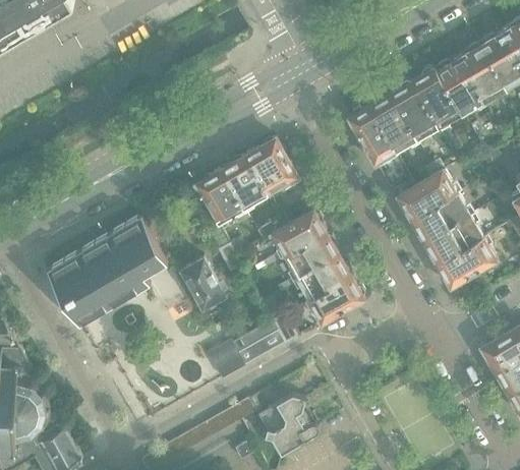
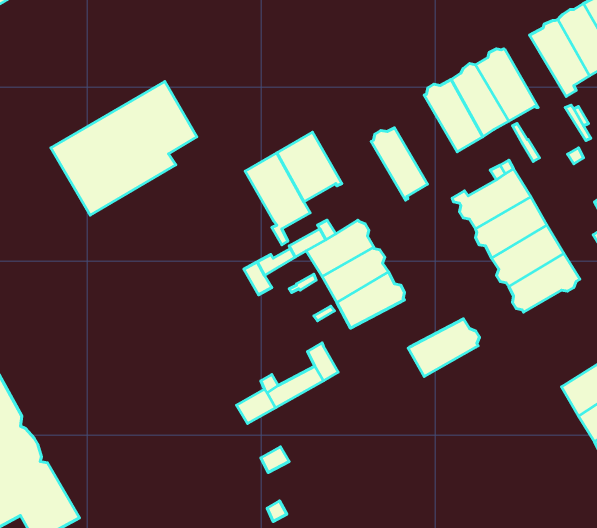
building: [435,57,485,117] -> none
building: [348,107,395,167] -> [371,128,428,200]
building: [192,170,242,225] -> none
building: [46,216,167,327] -> [51,82,197,215]
building: [179,256,226,311] -> none
building: [305,277,364,325] -> [408,319,479,376]
building: [257,393,319,456] -> none

